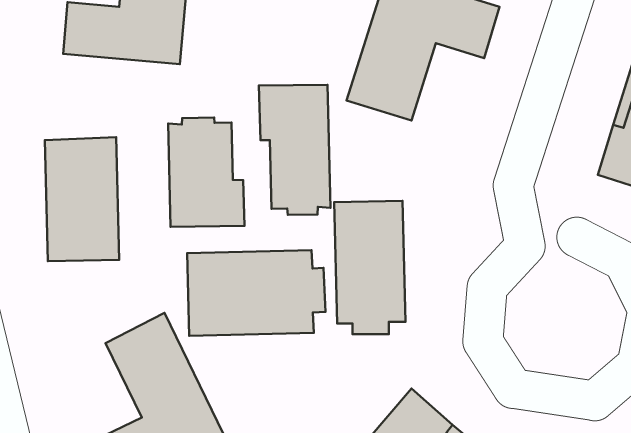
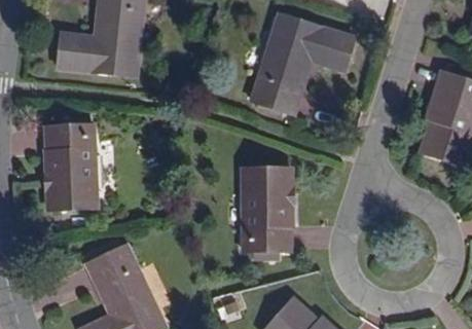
building: [259,85,331,215] -> none
building: [168,118,244,227] -> none
building: [187,250,325,336] -> none

